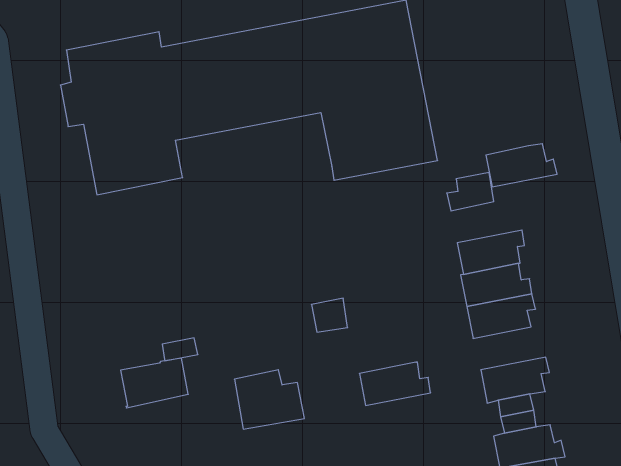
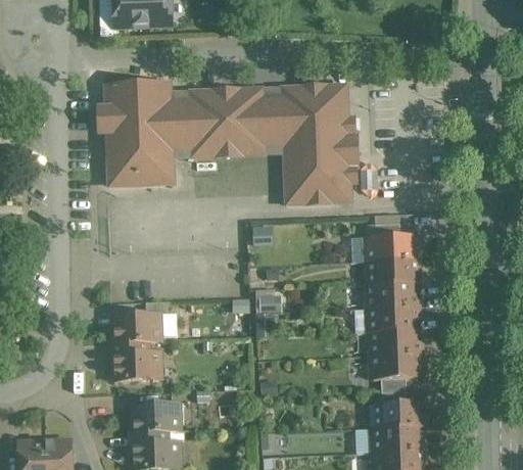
building: [486,144,557,187] -> [367,236,416,262]
building: [359,362,431,405] -> [370,330,419,356]
building: [234,370,304,429] -> [112,342,158,381]

